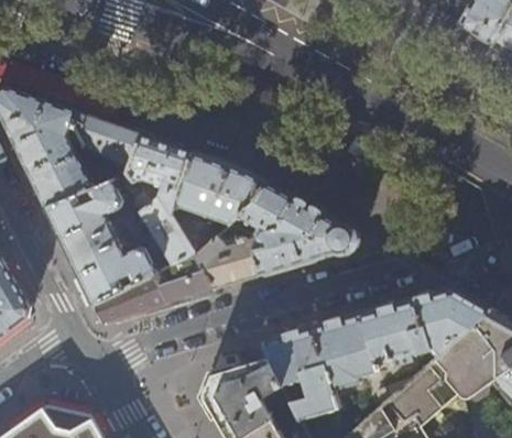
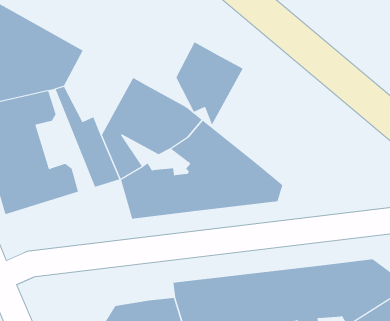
building: [128,134,192,212] -> [175,42,244,126]
building: [91,252,214,321] -> none

